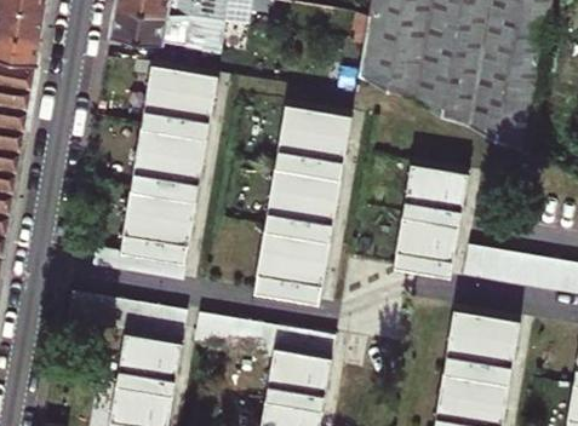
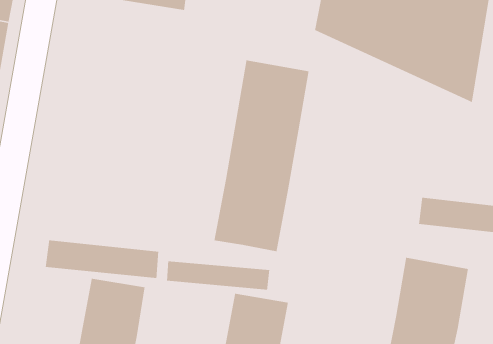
building: [118,65,218,266] -> none
building: [393,165,469,281] -> none

